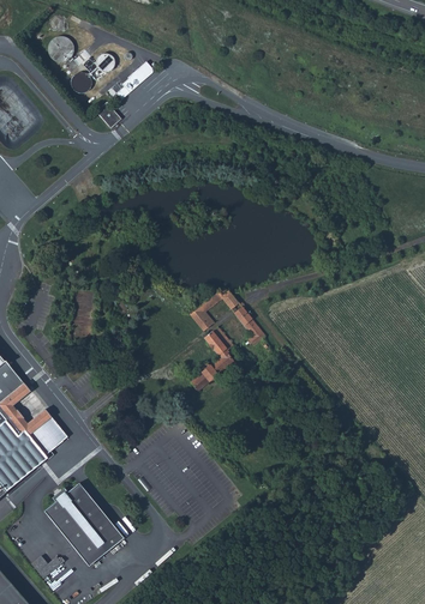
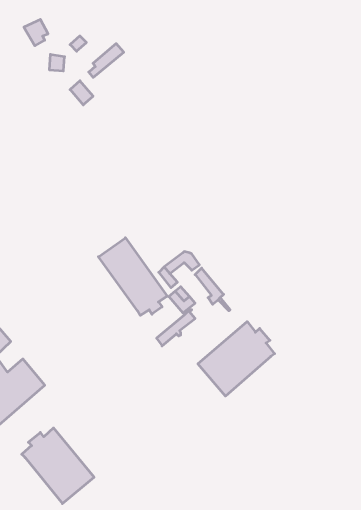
building: none -> [98,238,167,315]
building: none -> [198,322,275,396]

